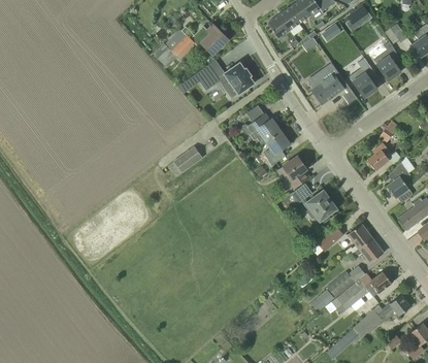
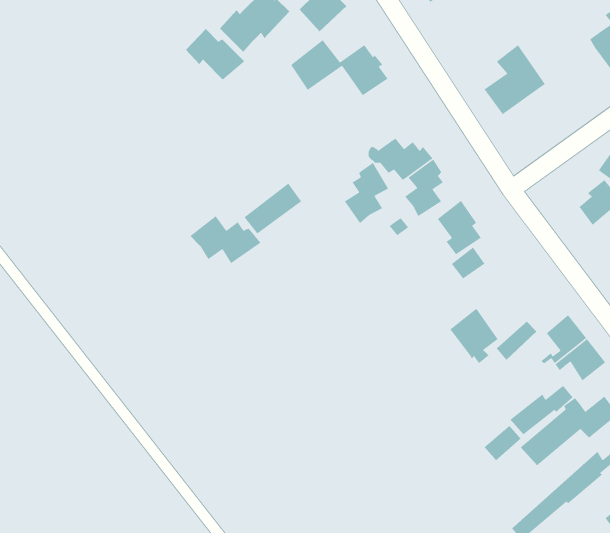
building: none -> [185,28,245,81]
building: [349,58,377,98] -> none
building: none -> [344,162,389,224]
building: none -> [190,215,262,264]
building: [306,191,336,224] -> [450,309,500,364]

